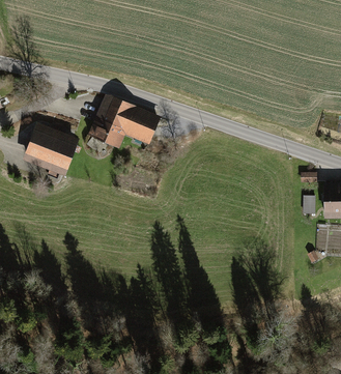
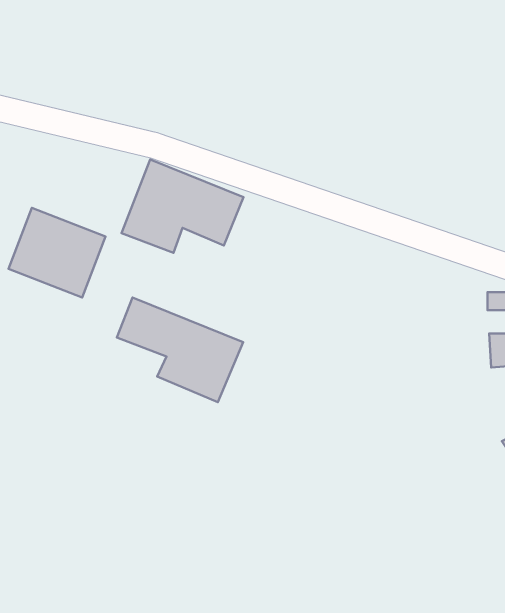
building: none -> [117,297,243,402]

